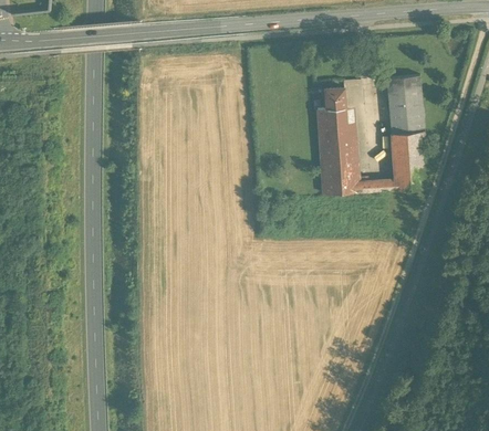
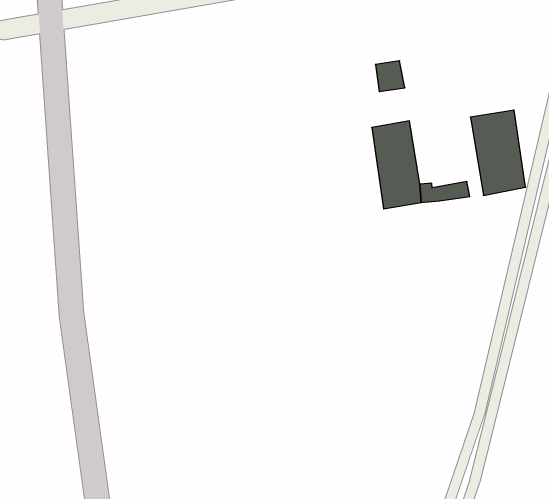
building: [386,74,424,132] -> none
building: [316,106,346,133] -> none

